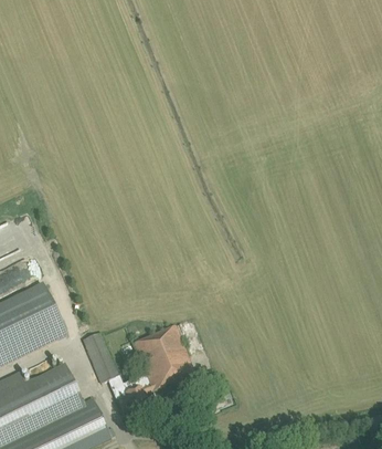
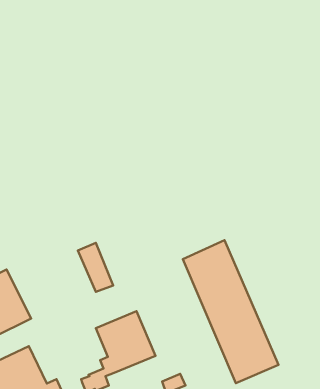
building: none -> [183,240,278,383]
building: [83,331,119,382] -> [78,243,113,292]

